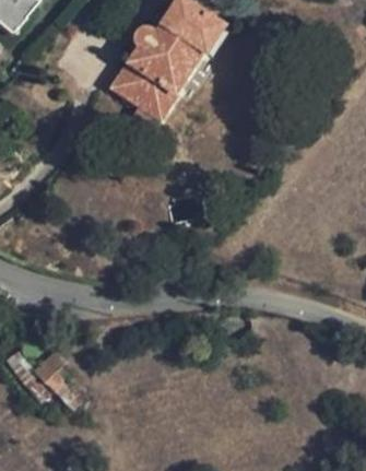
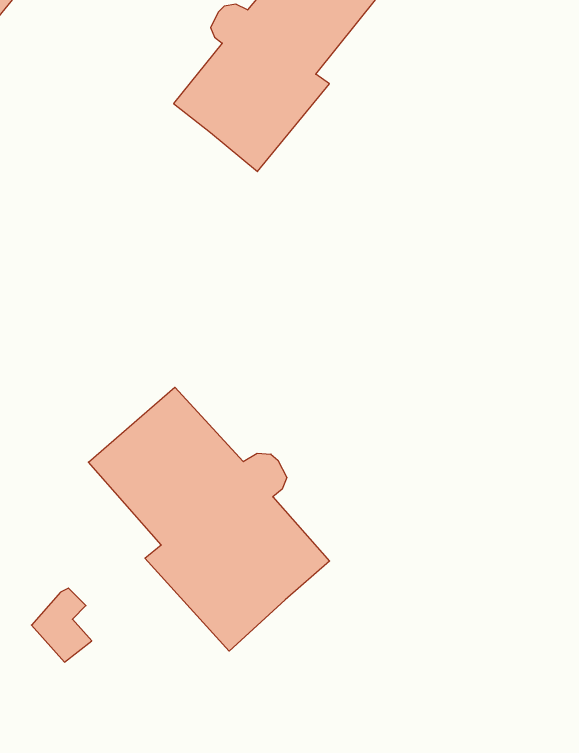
building: none -> [88,387,330,651]

